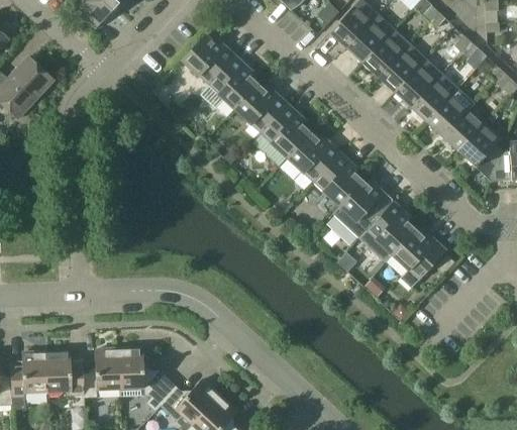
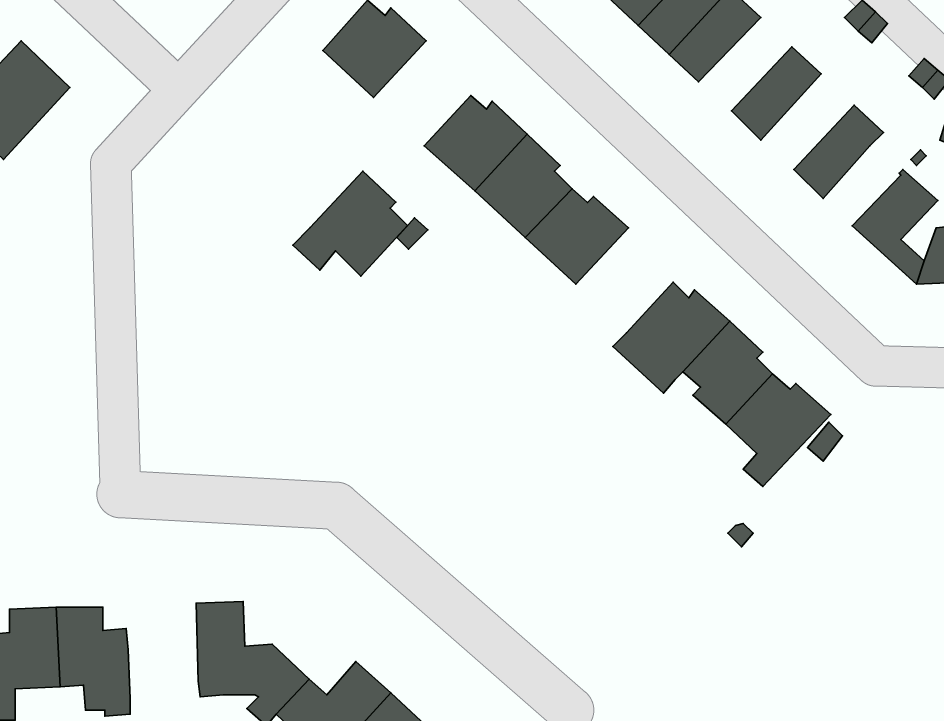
building: [379,44,427,93] -> none
building: [201,57,261,111] -> [293,171,408,276]
building: [411,74,459,123] -> none
building: [443,111,484,152] -> none
building: [315,153,366,208] -> none
building: [83,348,119,398] -> none

